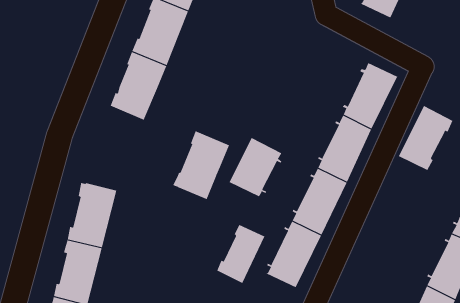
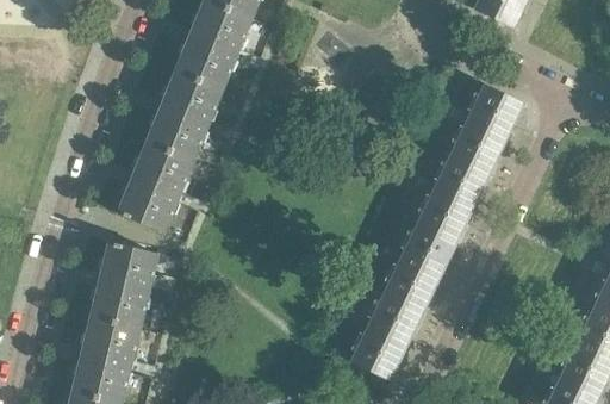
building: [398,105,453,171] -> none
building: [172,131,230,200] -> [117,141,192,231]
building: [229,137,282,197] -> none
building: [216,224,265,284] -> none

